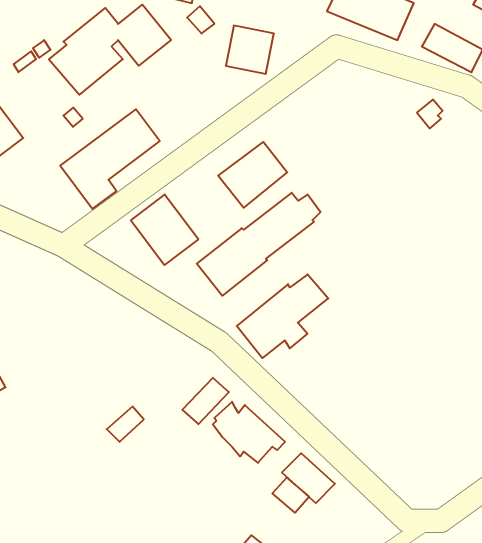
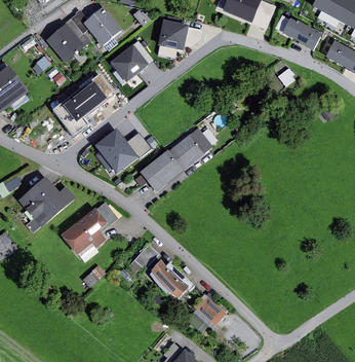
building: [218,142,287,208] -> [110,40,154,82]
building: none -> [17,177,76,228]
building: [237,274,328,358] -> [61,202,119,255]

